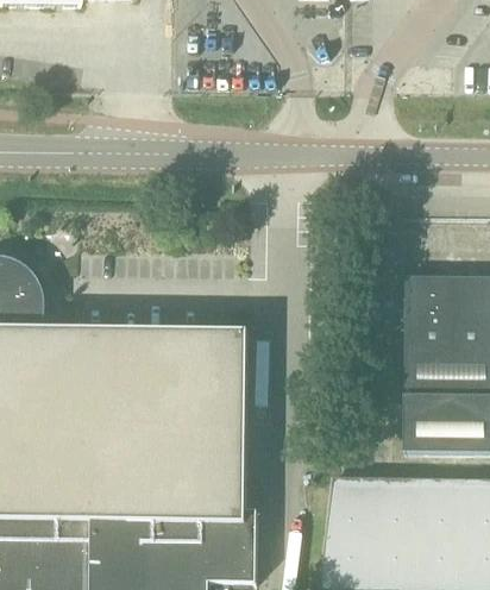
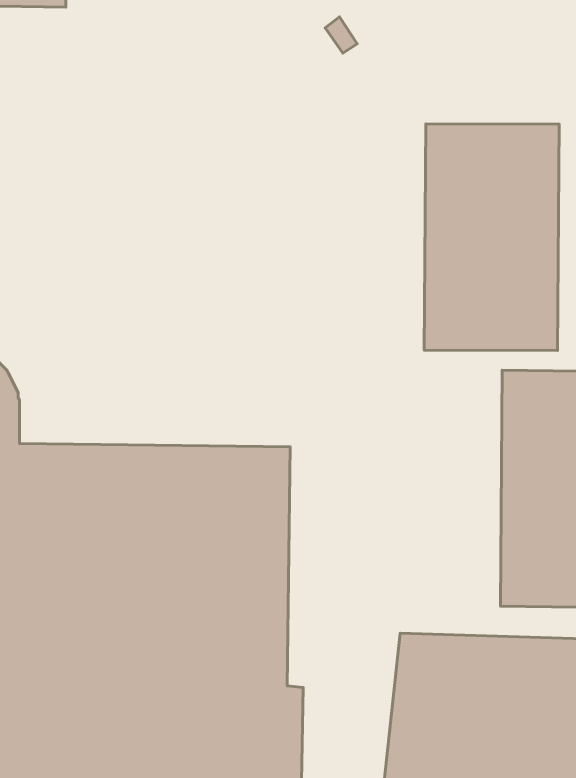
building: none -> [424,124,559,350]

